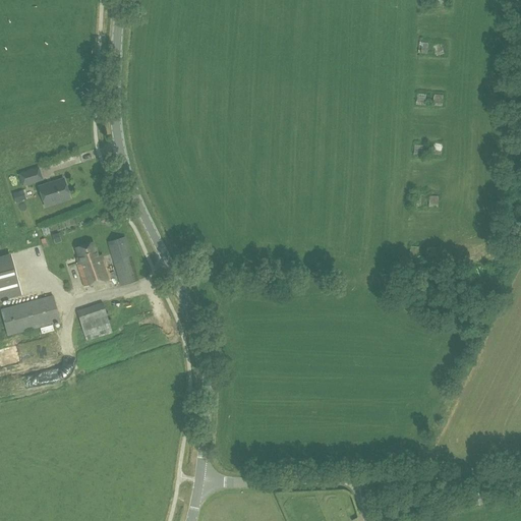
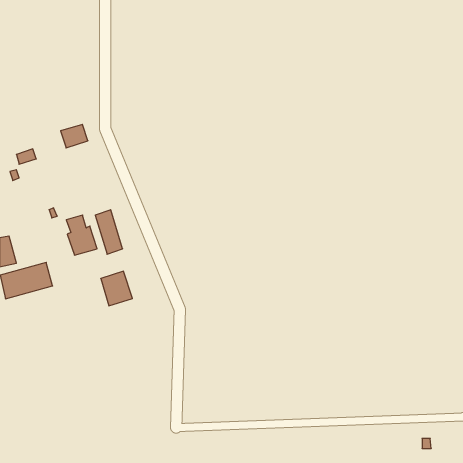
building: [38,178,68,205] -> [61,124,88,148]
building: [76,301,112,340] -> [101,271,132,306]

